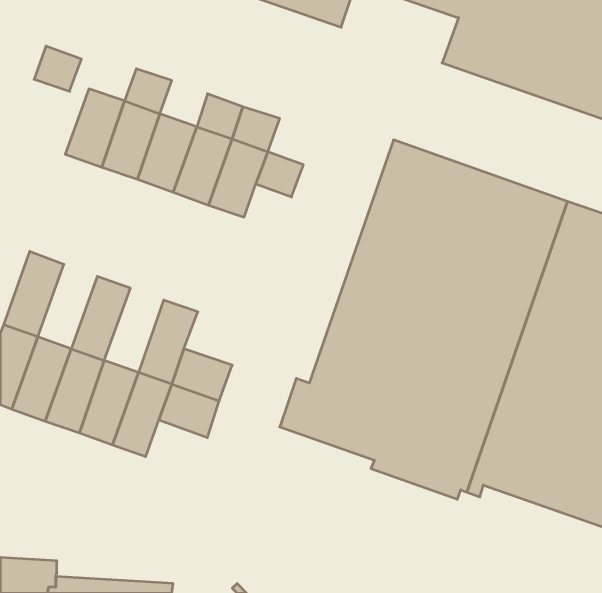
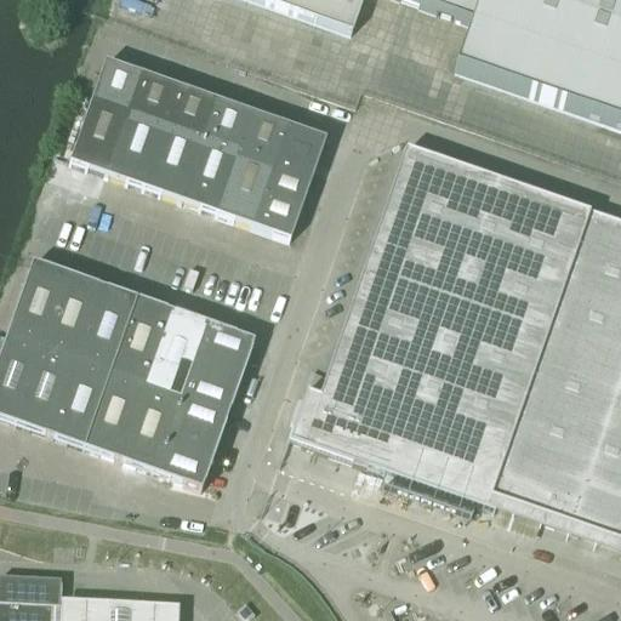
building: [34,46,81,91] -> [95,57,143,103]
building: none -> [167,82,216,130]
building: none -> [278,121,326,169]
building: none -> [253,188,302,235]
building: none -> [42,270,103,357]
building: none -> [110,295,171,381]
building: none -> [192,319,255,374]
building: none -> [153,429,216,485]

